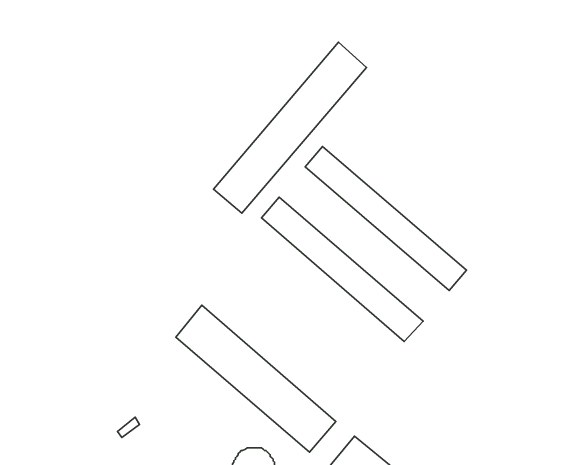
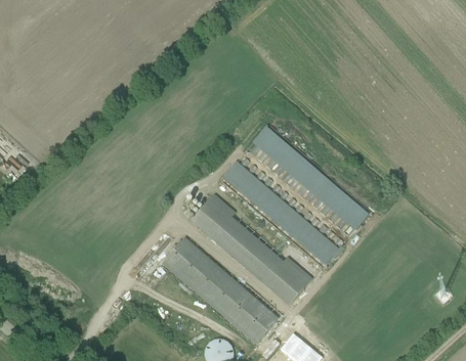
building: [214,42,367,213] -> none
building: none -> [192,194,311,305]

